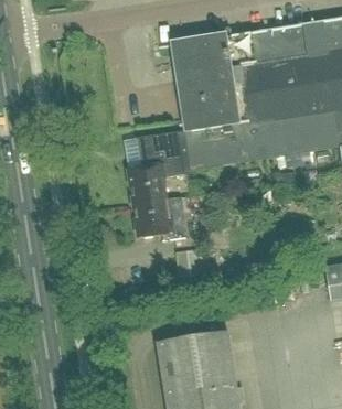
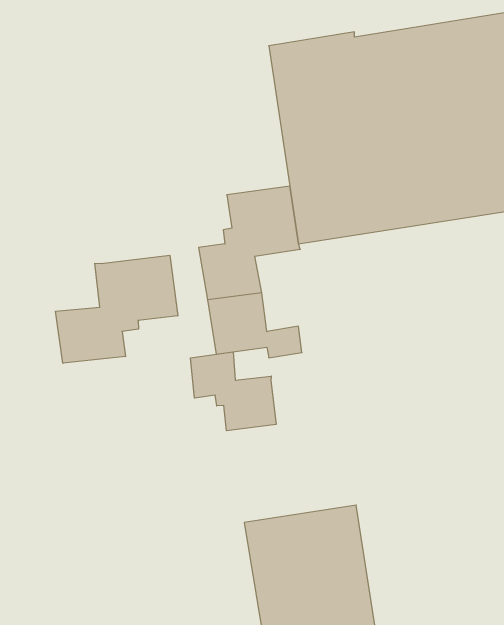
building: none -> [56,255,178,363]
building: none -> [191,352,276,431]

